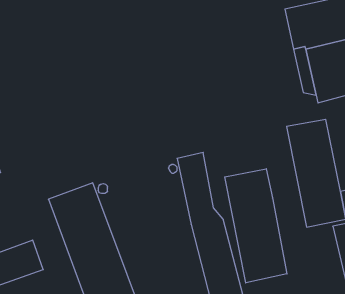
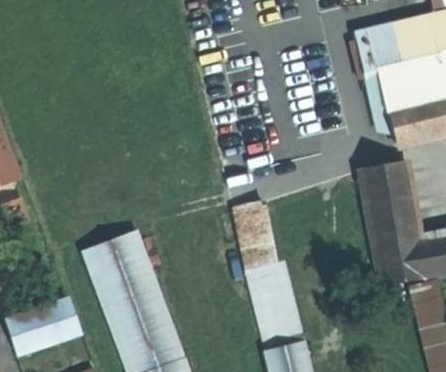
building: [225,169,287,283] -> none

